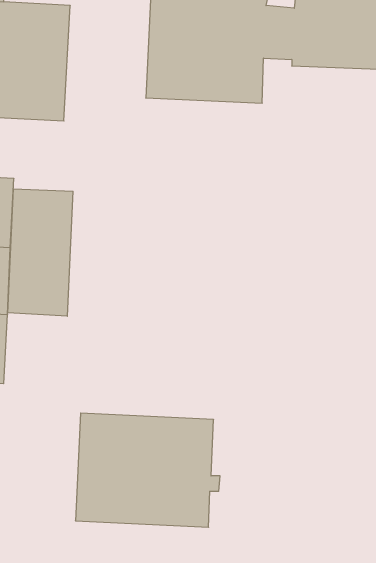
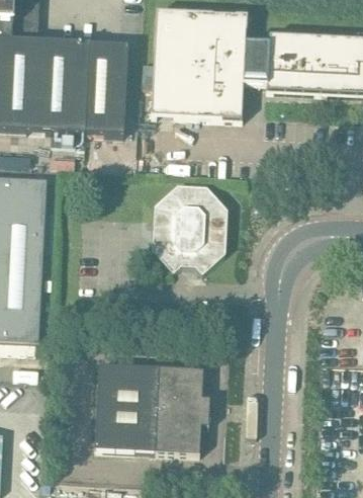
building: none -> [86,43,128,136]
building: none -> [153,185,228,274]
building: [8,189,73,316] -> none

